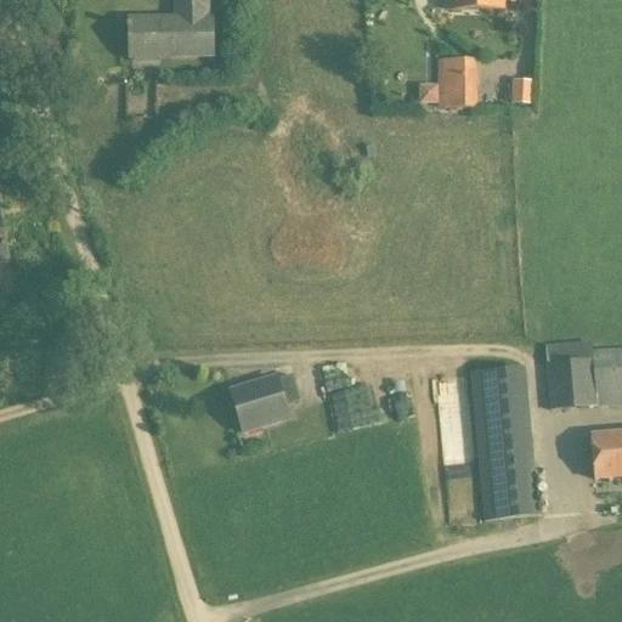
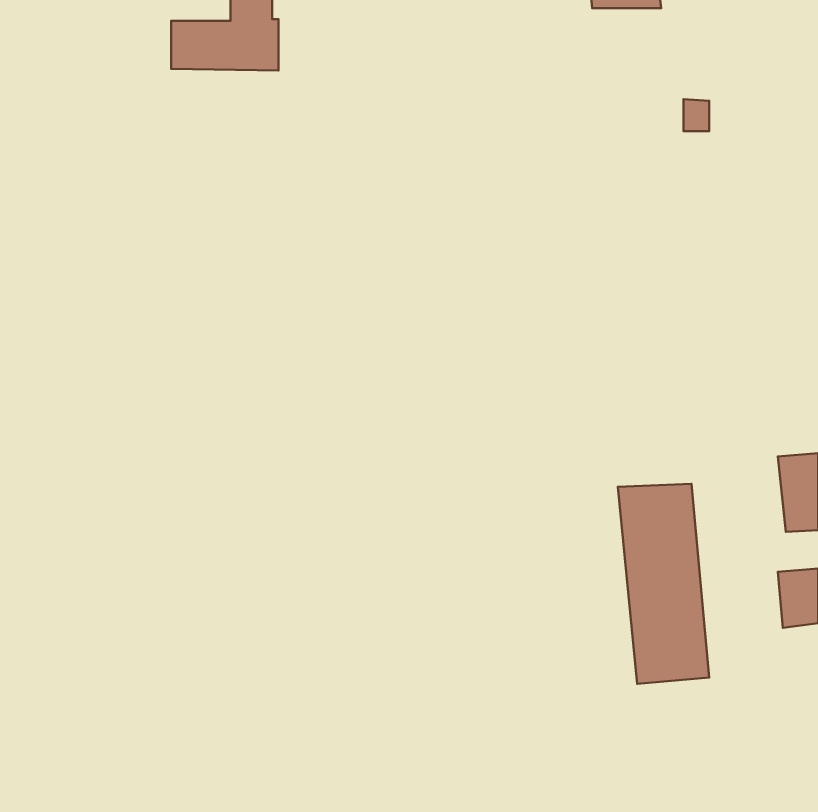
building: [440,57,476,106] -> none
building: [545,338,596,406] -> none
building: [231,372,299,428] -> none

